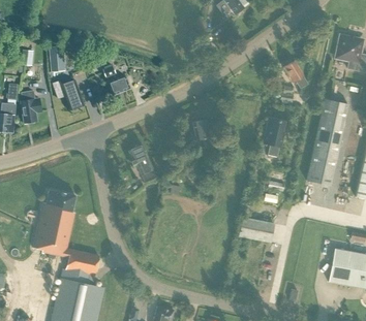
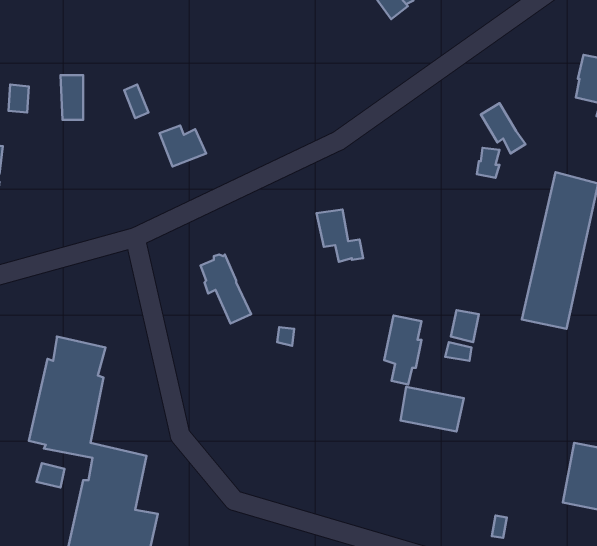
building: [61,79,84,109] -> none
building: [21,90,41,123] -> none
building: [263,118,283,156] -> [384,315,421,385]

